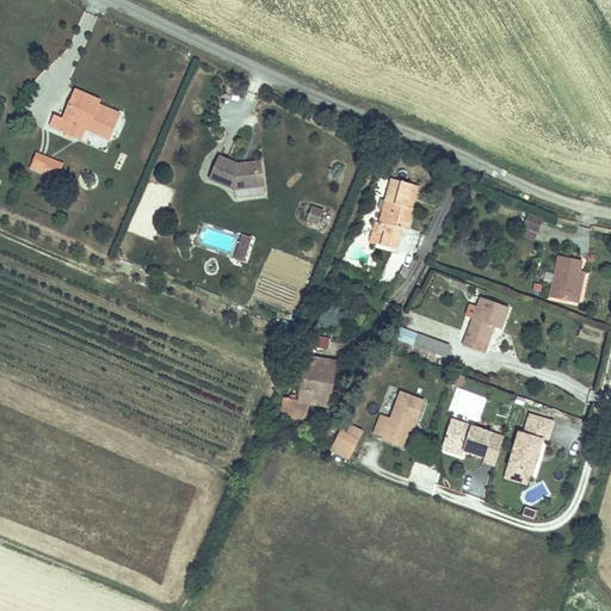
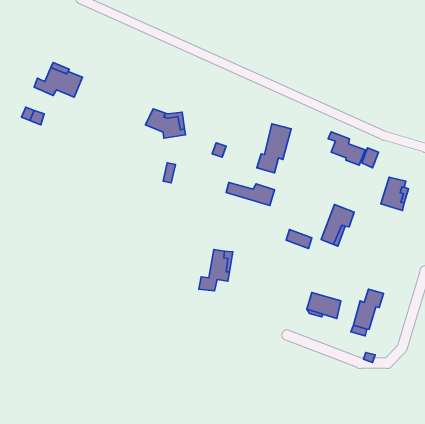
building: none -> [328,132,365,165]
building: none -> [226,183,275,205]
building: [374,389,421,443] -> none
building: [328,420,359,456] -> none

